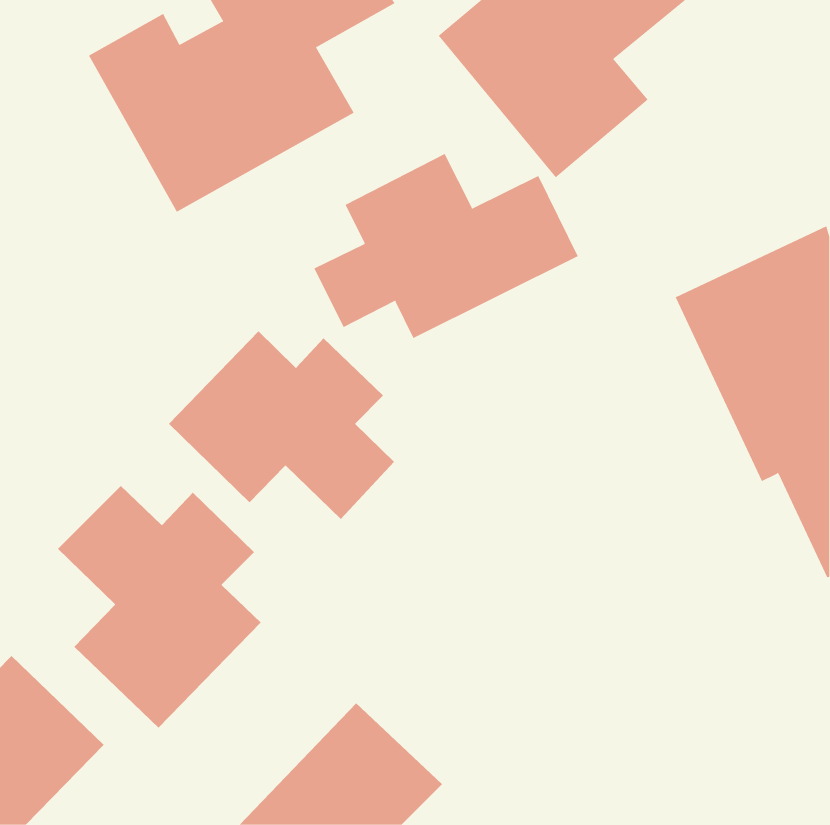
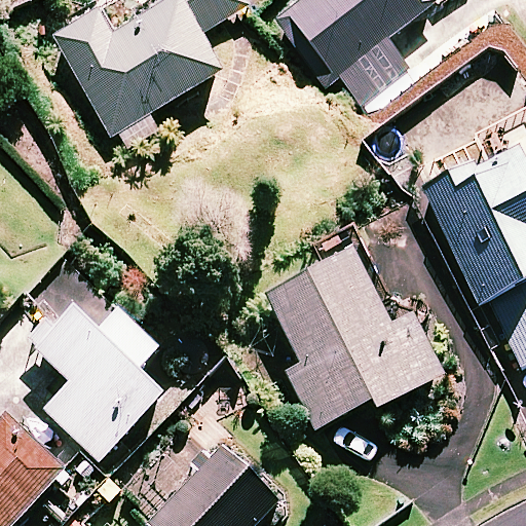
building: [314,153,578,339] -> none
building: [168,331,395,520] -> none
building: none -> [268,250,444,426]

